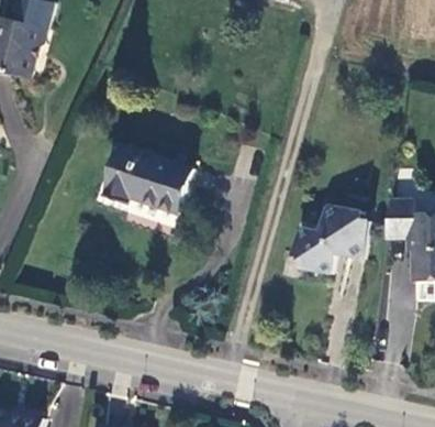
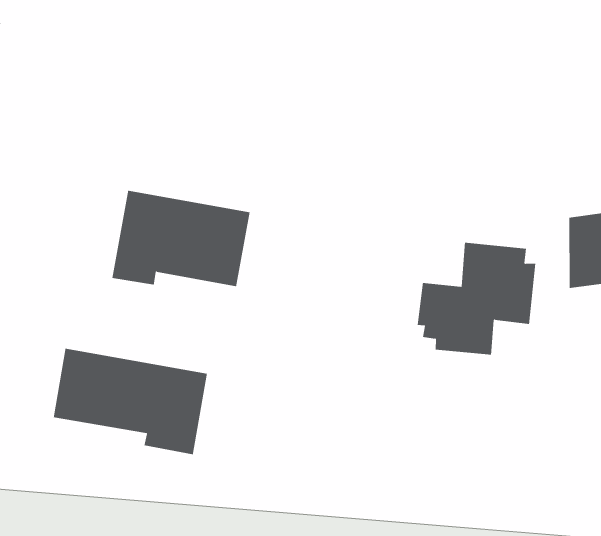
building: none -> [53,348,208,455]

